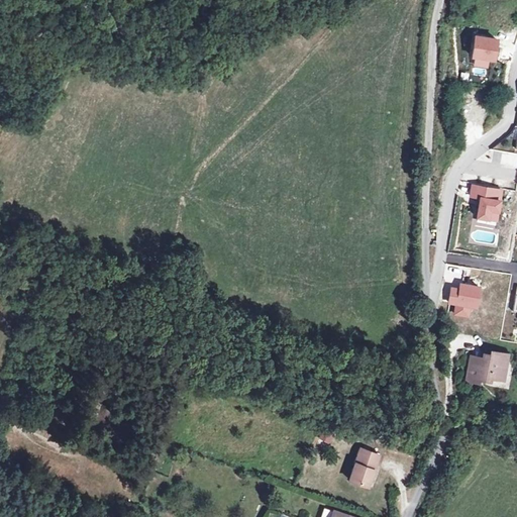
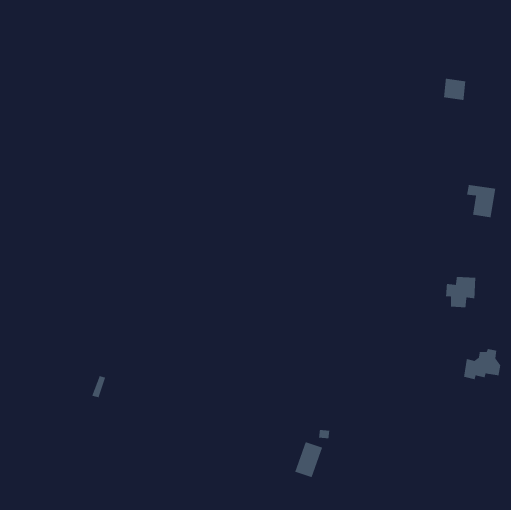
building: [473,37,496,61] -> [443,78,466,101]
building: [349,449,379,487] -> [294,441,323,478]

